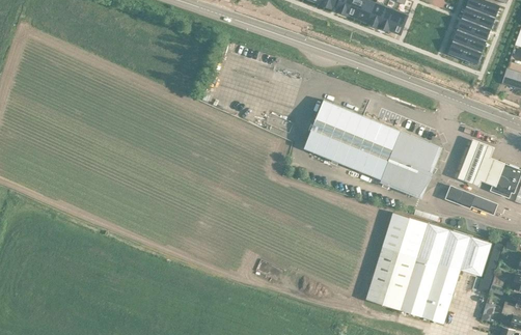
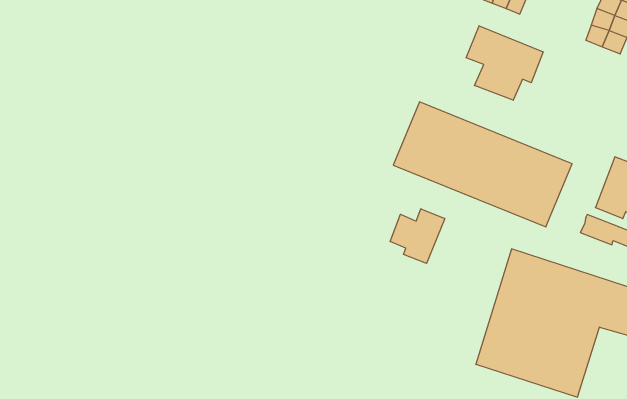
building: none -> [466,26,543,100]
building: none -> [390,209,445,263]

